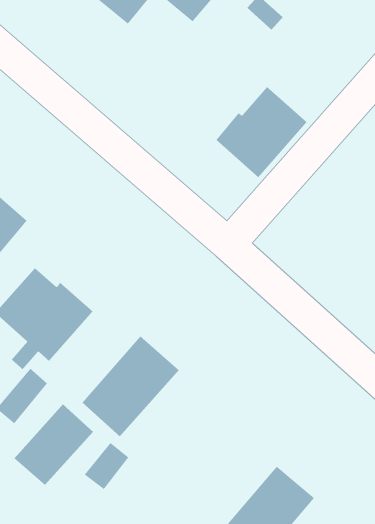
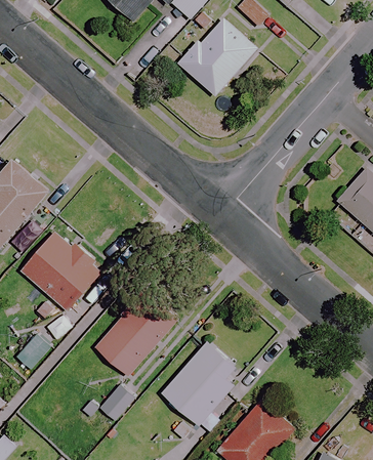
building: [215,86,307,178] -> [177,17,256,96]
building: none -> [157,338,246,442]
building: [14,403,94,486] -> none

